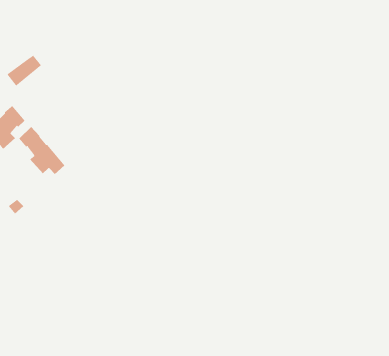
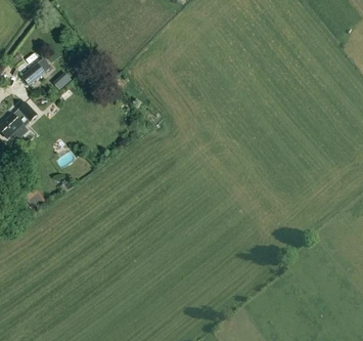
building: [19,126,65,175] -> none

